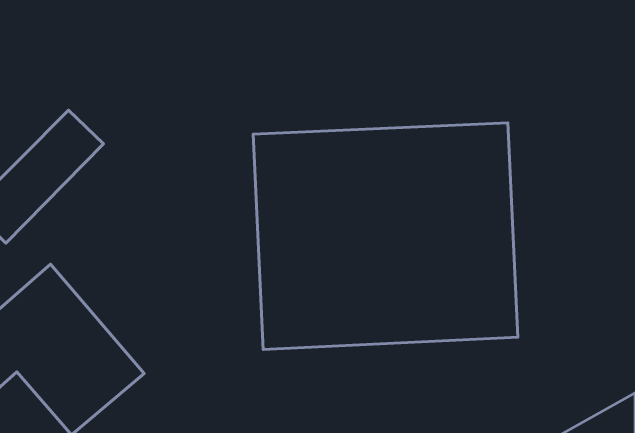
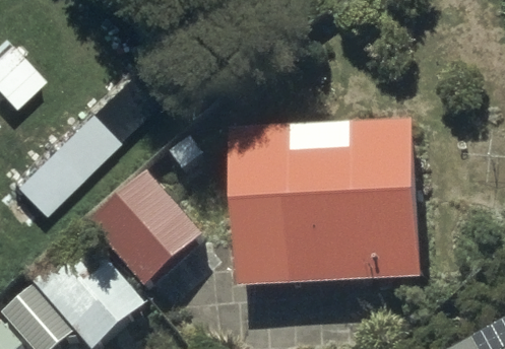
building: none -> [87,171,200,286]

